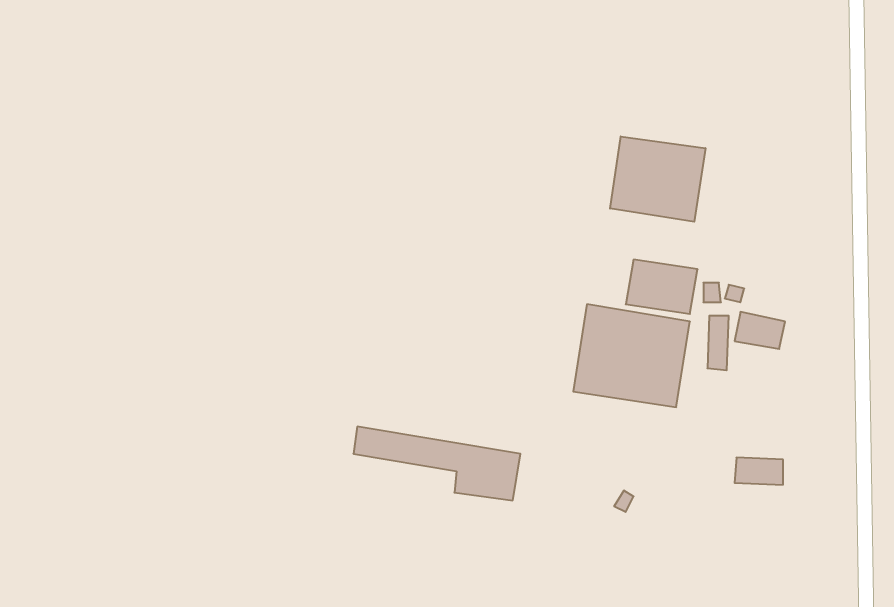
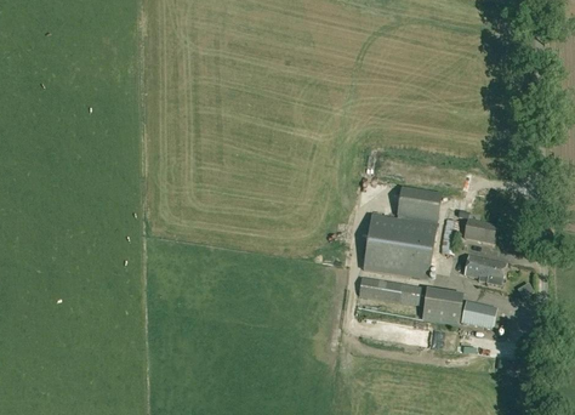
building: [610,136,705,222] -> none
building: none -> [463,254,506,285]
building: [353,427,520,500] -> [358,277,462,323]

